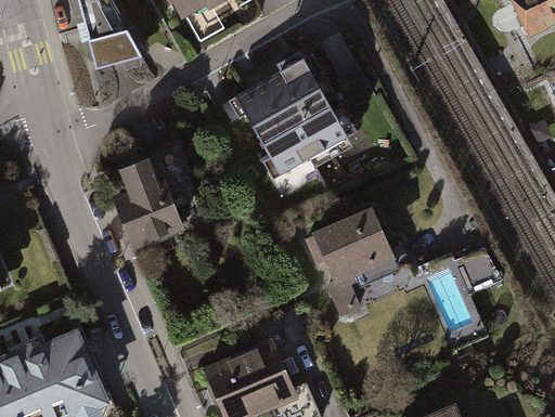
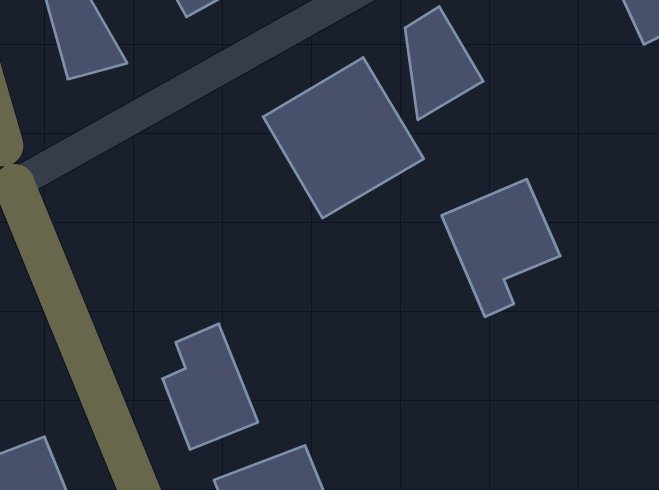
building: none -> [405,6,483,120]
building: [112,159,183,253] -> [162,324,258,450]
building: [307,210,396,313] -> [442,179,560,317]

